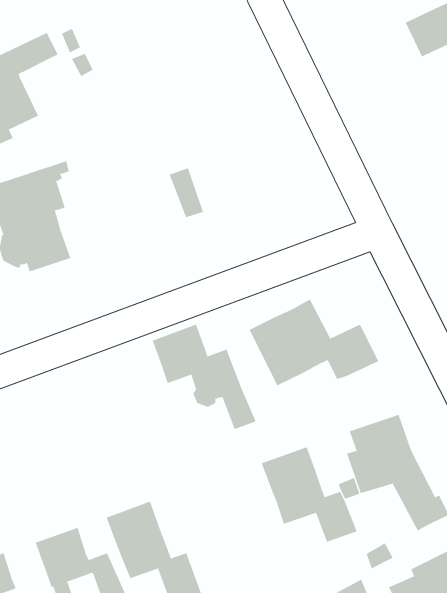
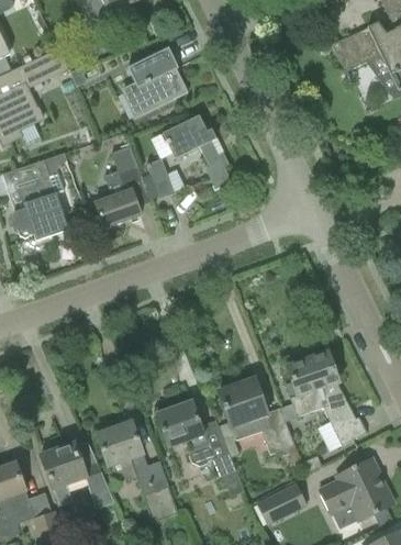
building: none -> [127,48,187,113]
building: none -> [164,114,231,188]
building: none -> [93,145,149,227]
building: [249,299,379,386] -> none
building: [152,324,257,430] -> [156,400,238,483]

